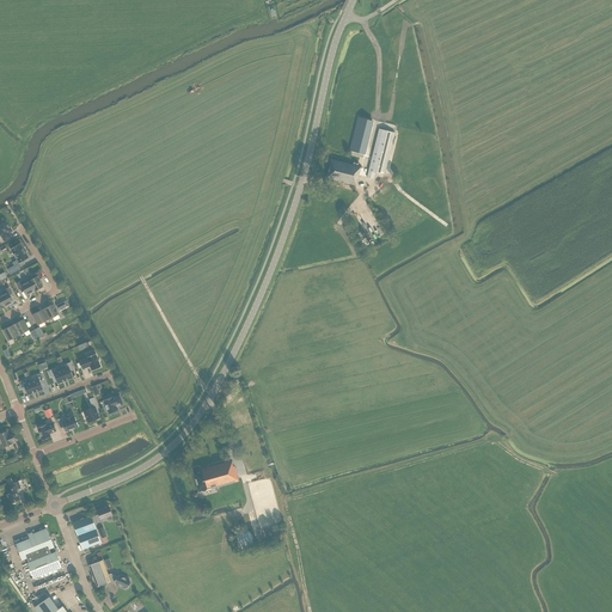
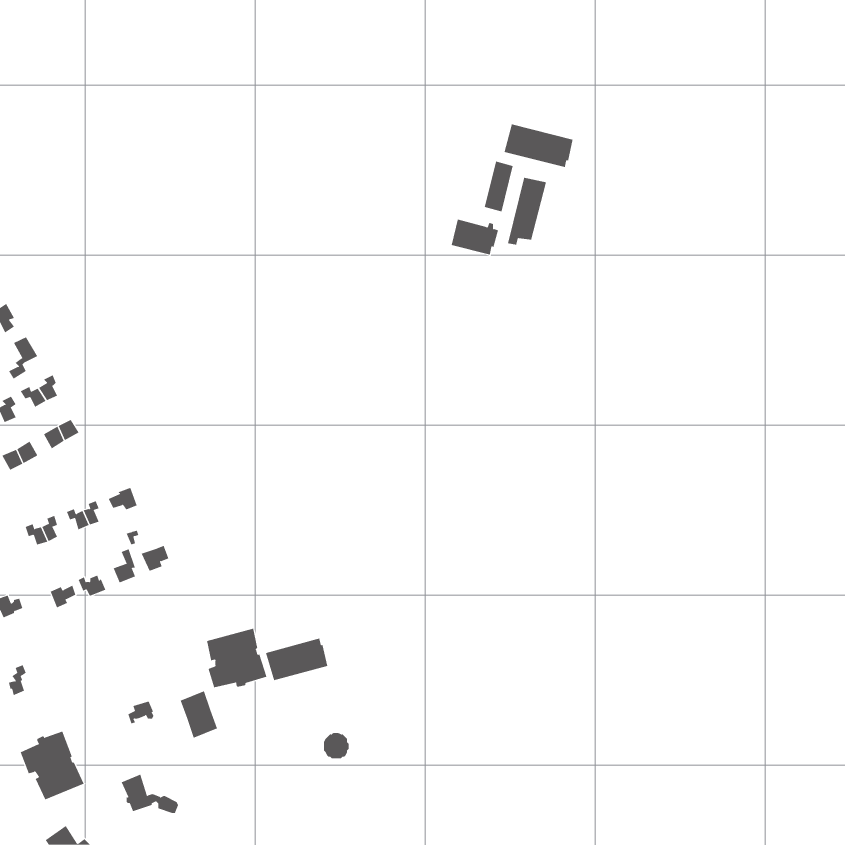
building: none -> [504,124,573,168]
building: none -> [206,628,267,688]
building: [72,514,99,549] -> [180,690,218,738]

